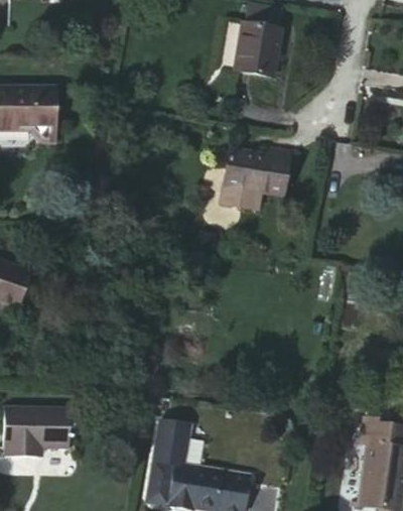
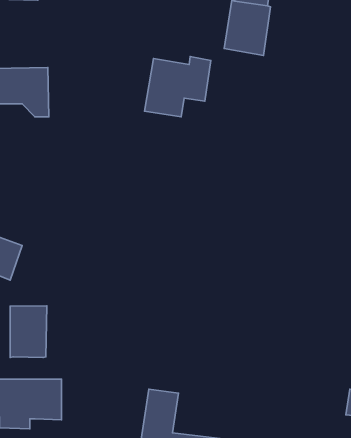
building: [223,149,290,211] -> [144,57,211,117]
building: none -> [10,306,47,357]

